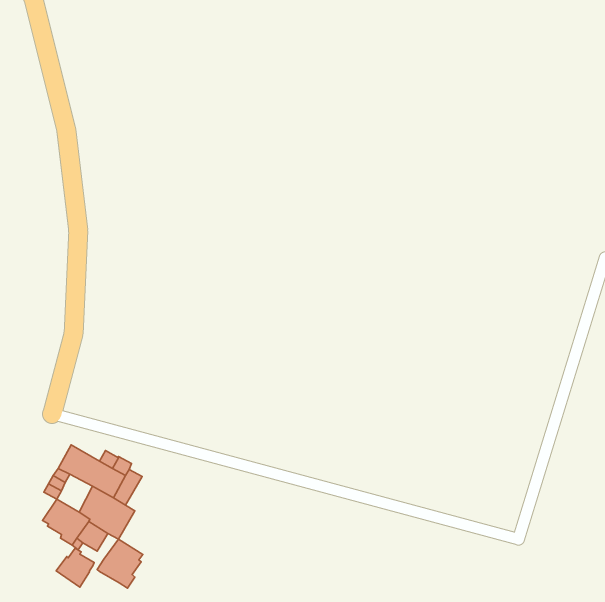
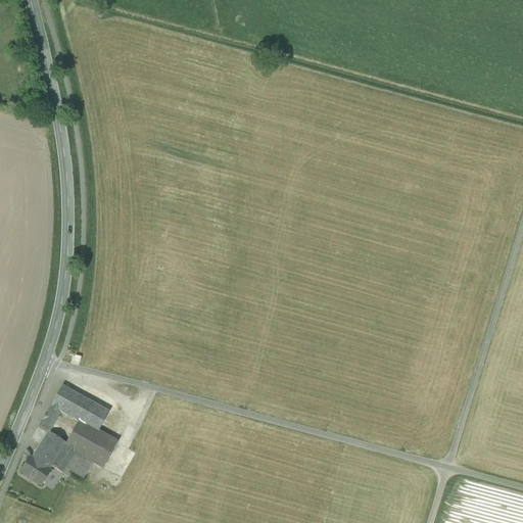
building: [97,539,143,588] -> none
building: [56,548,94,587] -> [20,449,53,483]

